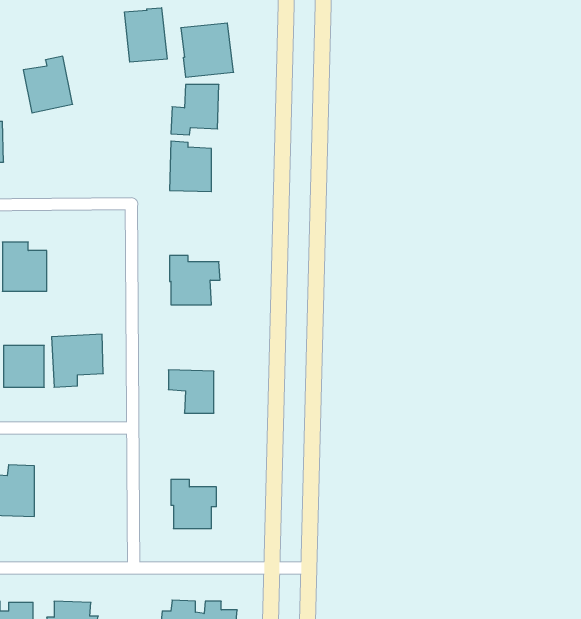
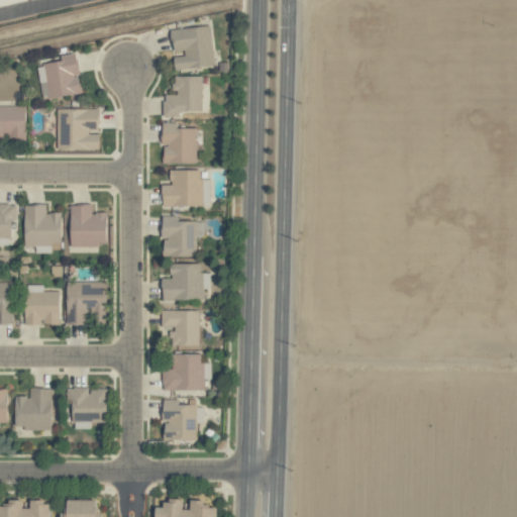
building: [125,8,167,62] -> none
building: none -> [59,109,100,149]
building: none -> [162,170,210,206]
building: none -> [71,204,107,246]
building: none -> [163,264,210,301]
building: none -> [163,353,204,390]
building: none -> [71,388,107,423]

